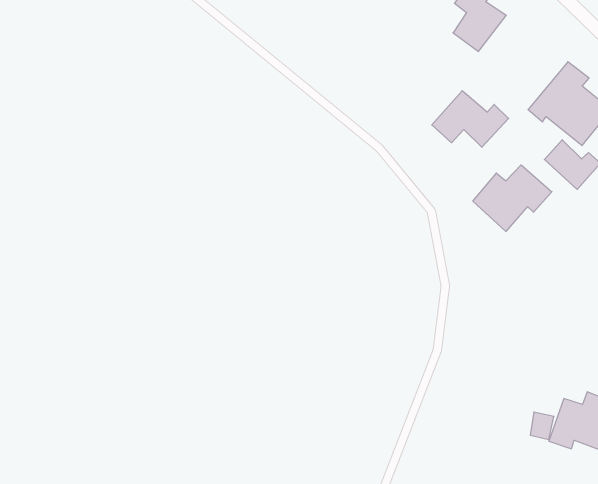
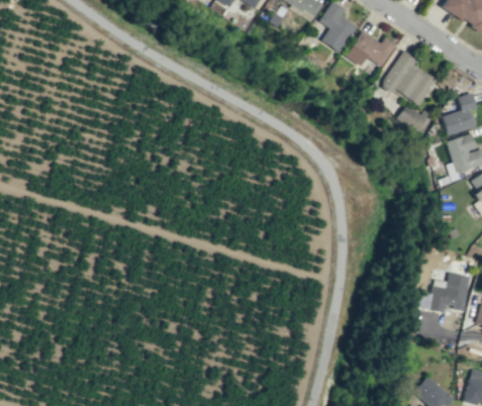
building: [432,91,509,147] -> [346,30,397,67]
building: [473,165,552,231] -> none

